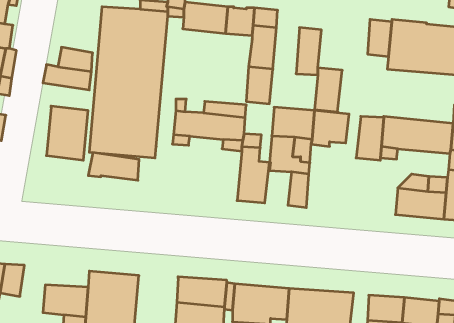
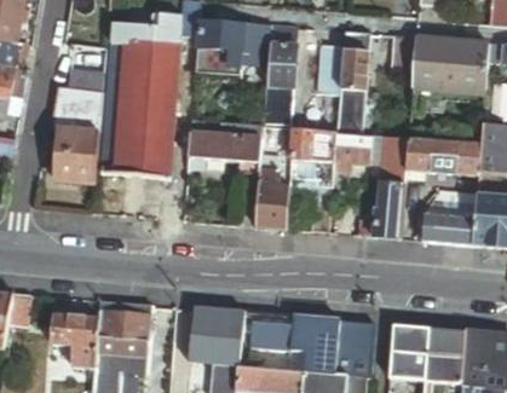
building: none -> [340,30,370,89]
building: none -> [196,46,271,75]
building: [88,153,139,180] -> [47,103,100,132]
building: none -> [371,181,405,239]

